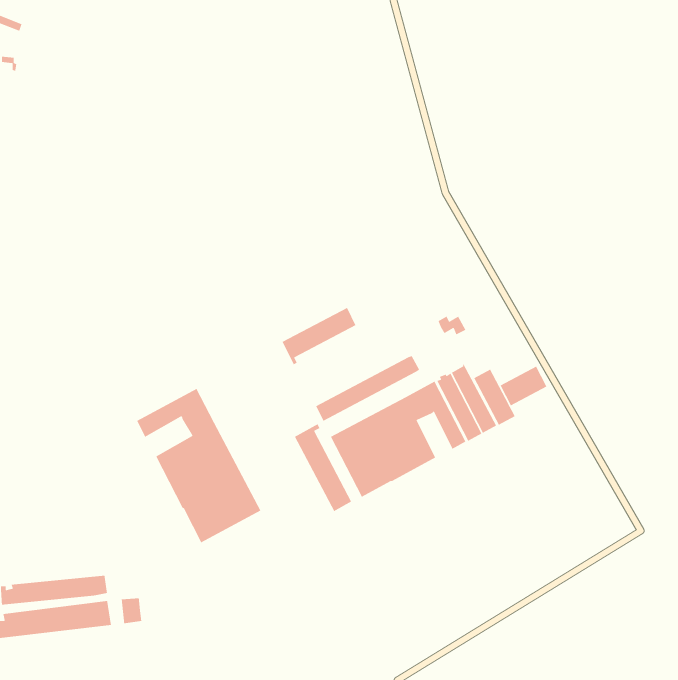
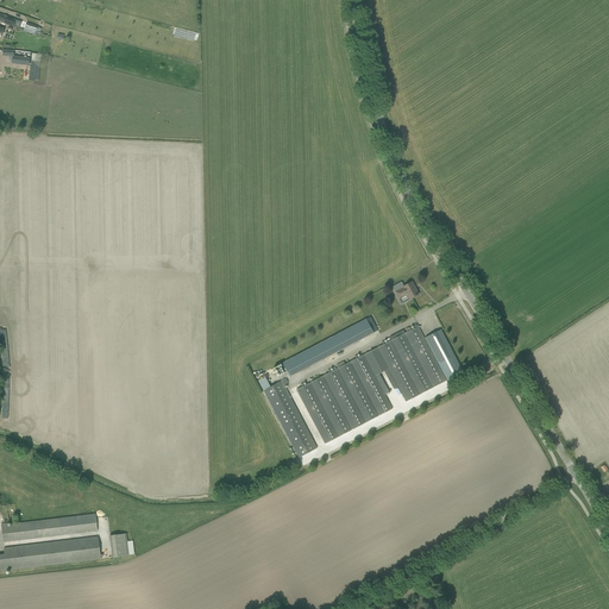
building: [281,307,357,365] -> none
building: [499,366,548,407] -> none
building: [136,388,262,544] -> none

